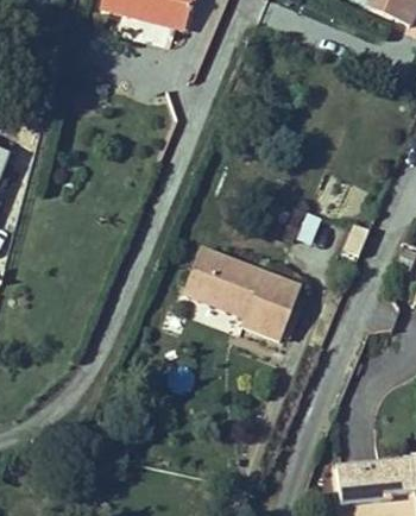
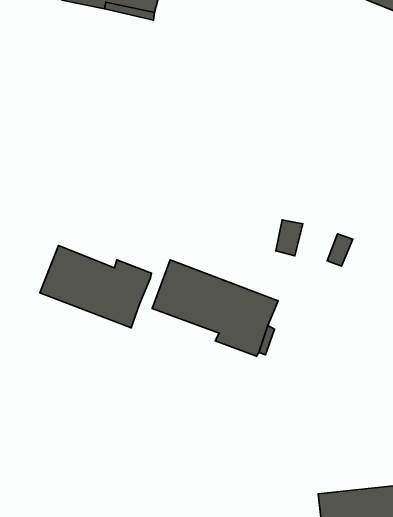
building: none -> [40,246,151,328]

